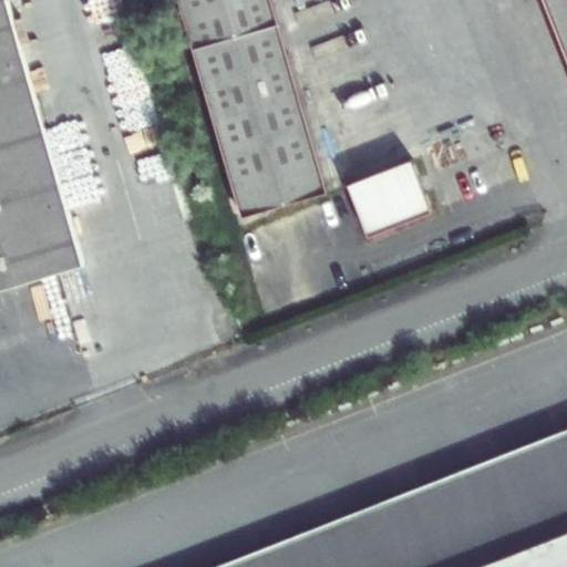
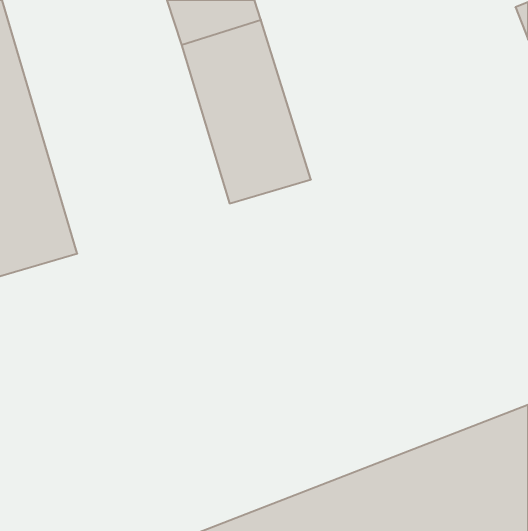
building: [346,159,430,237] -> none

